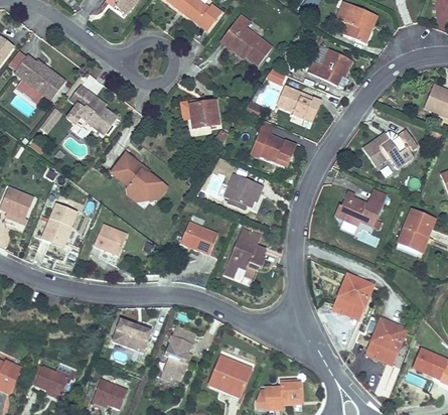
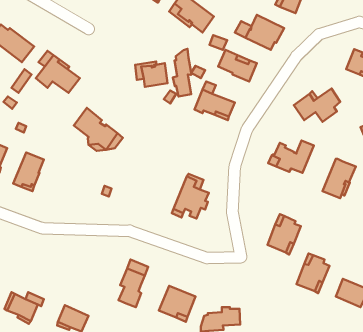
building: none -> [173,49,191,96]
building: [225,172,263,210] -> none
building: [180,222,217,254] -> none
building: [94,223,127,255] -> none
building: [112,317,152,353] -> none

